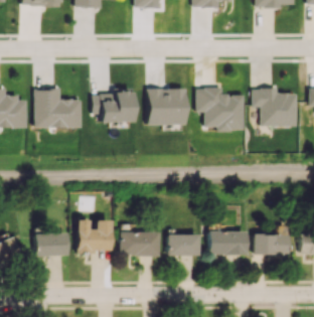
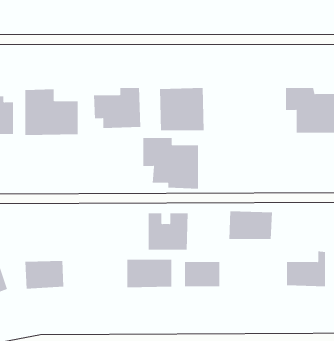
building: [197,89,245,132] -> [142,138,199,189]
building: [77,220,112,252] -> [148,213,189,250]
building: [209,231,247,256] -> [228,211,273,240]

